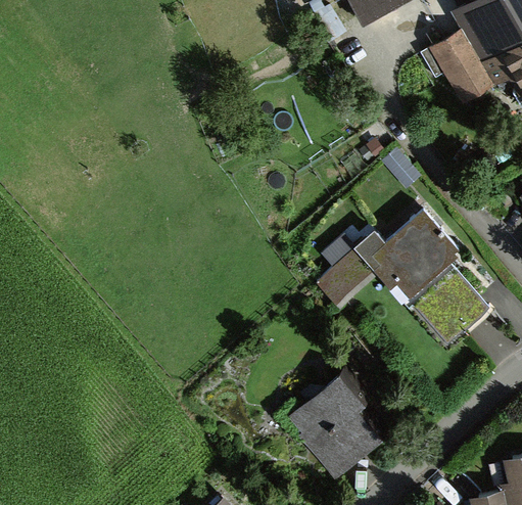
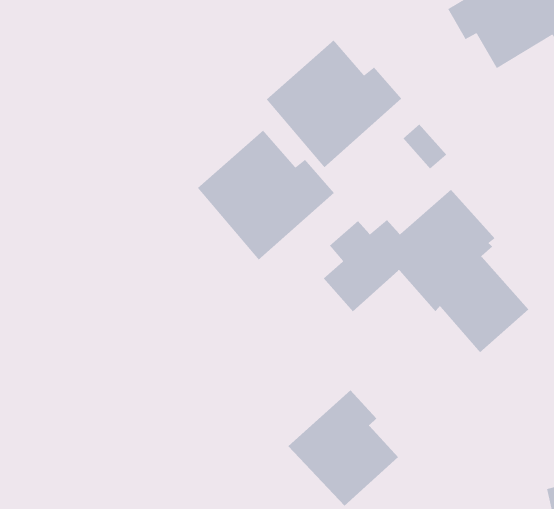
building: none -> [266,39,402,168]
building: none -> [197,129,335,260]

